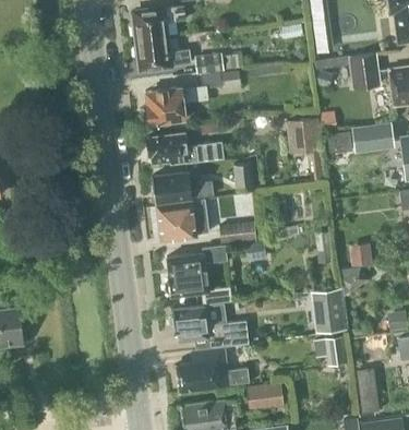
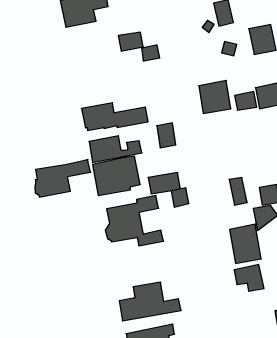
building: [134,37,191,73] -> none
building: [143,85,209,126] -> [35,160,91,197]
building: [169,304,248,351] -> none
building: [244,382,284,409] -> none

